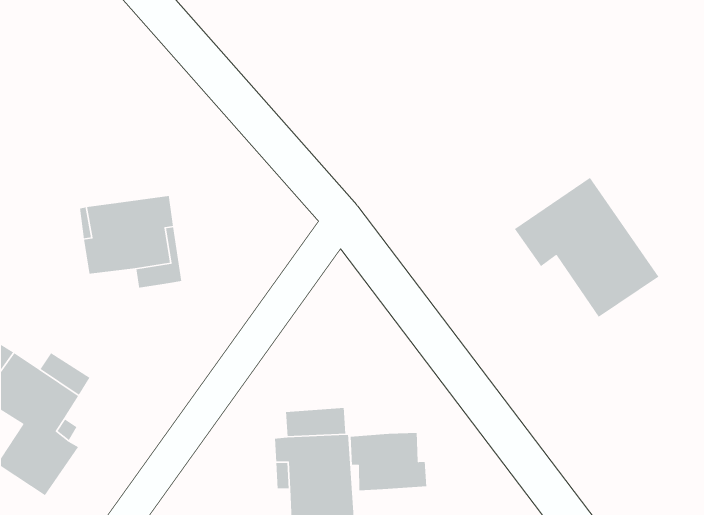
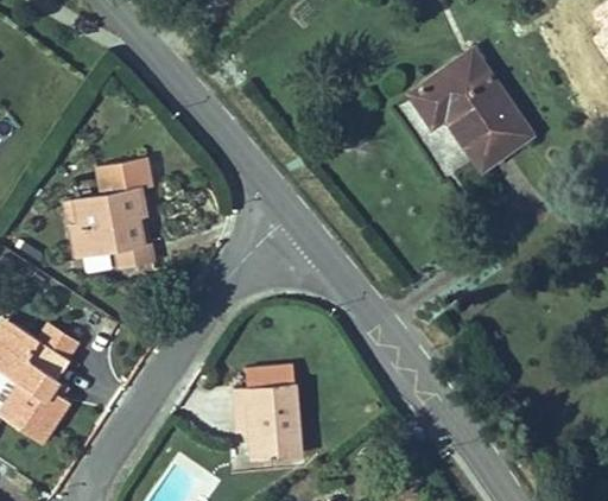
building: none -> [95,158,156,196]
building: [514,177,659,318] -> [407,49,530,167]
building: [350,432,427,491] -> none

